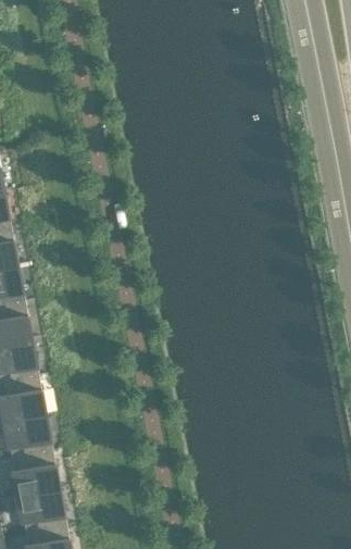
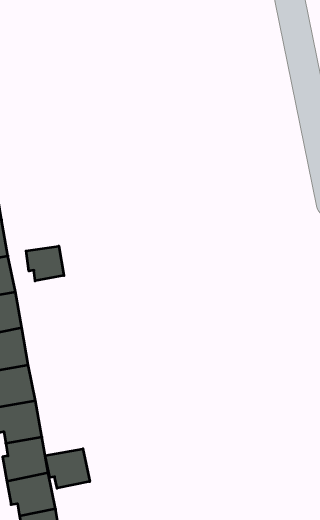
building: none -> [26,246,64,281]
building: none -> [45,449,90,488]

